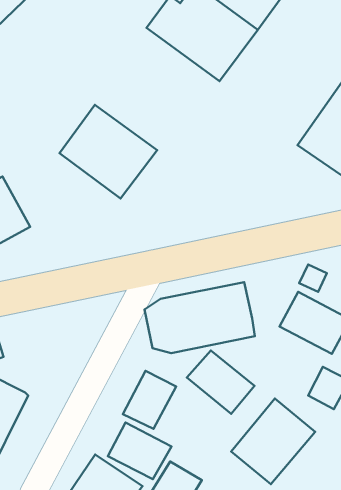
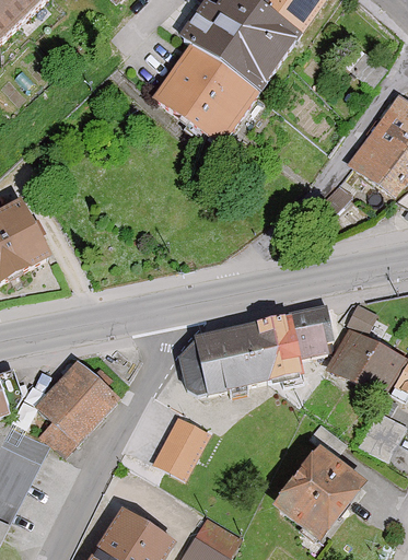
building: [60,105,157,199] -> [152,43,260,147]
building: none -> [287,302,326,357]
building: none -> [34,359,119,457]
building: [187,350,255,414] -> none
building: [108,423,171,479] -> none

